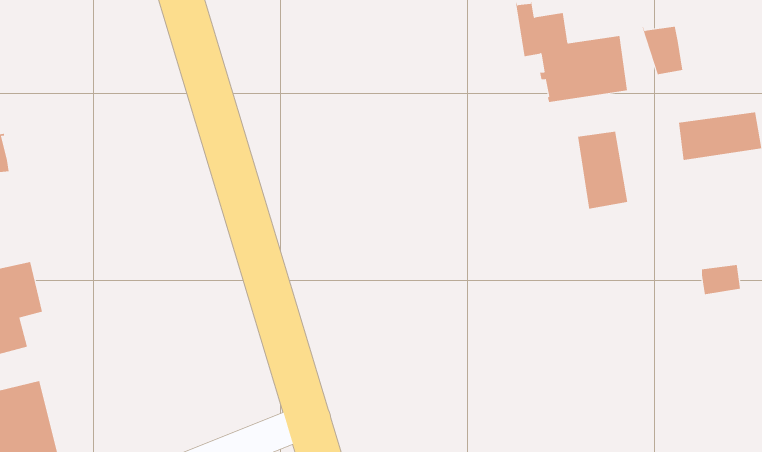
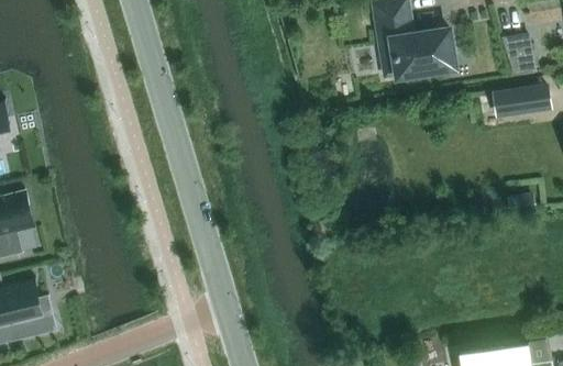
building: [642,26,683,75] -> [503,35,532,70]
building: [578,131,628,210] -> none

